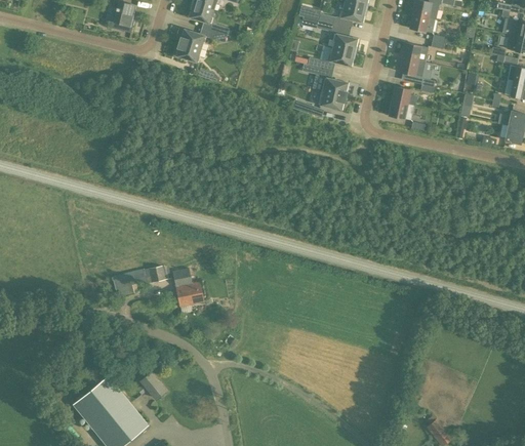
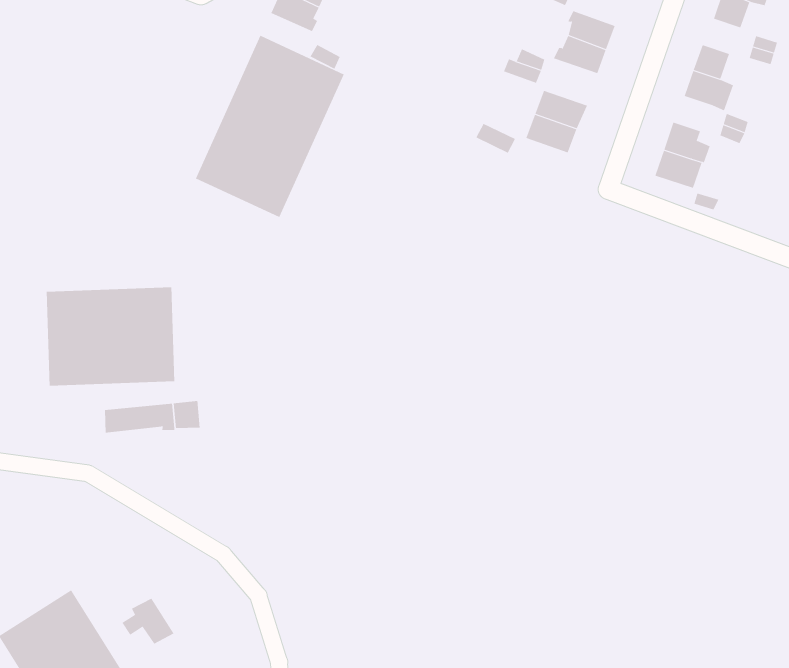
building: none -> [195,35,345,218]
building: none -> [46,286,175,387]
building: [172,267,204,306] -> none

